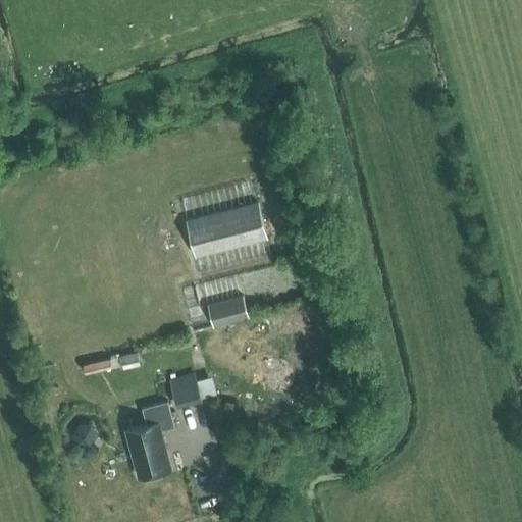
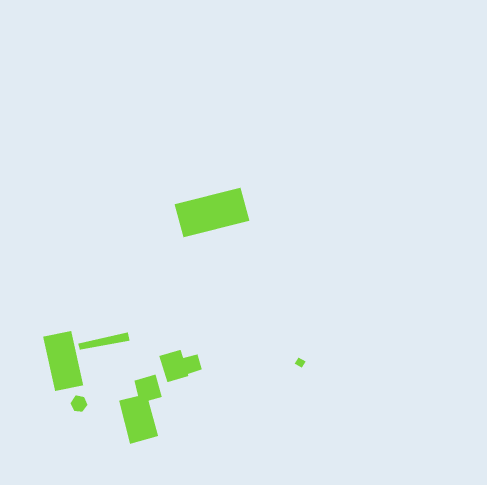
building: [208,296,250,327] -> none
building: none -> [42,330,84,392]

